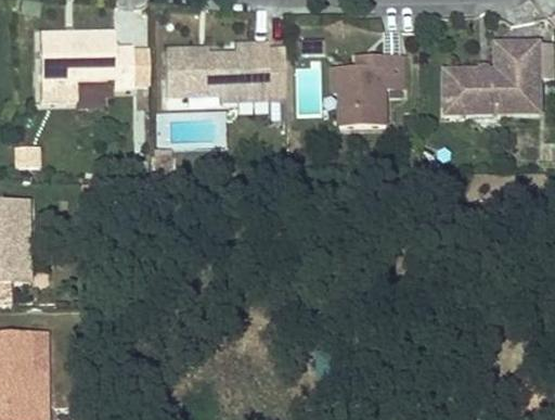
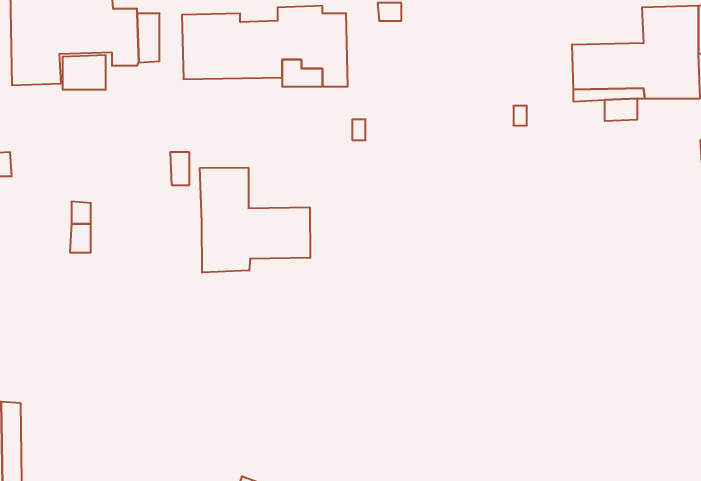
building: [338,54,402,124] -> none
building: none -> [200,168,310,273]

